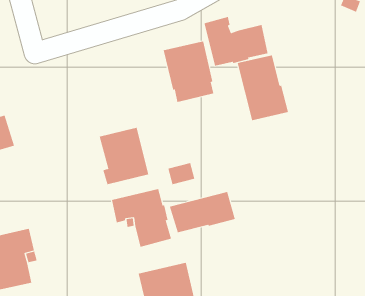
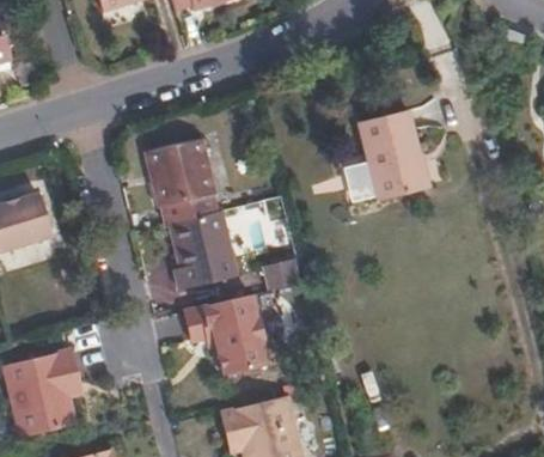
building: [204,16,268,66] -> none
building: [163,41,214,103] -> [146,138,216,224]
building: [169,191,236,233] -> none

